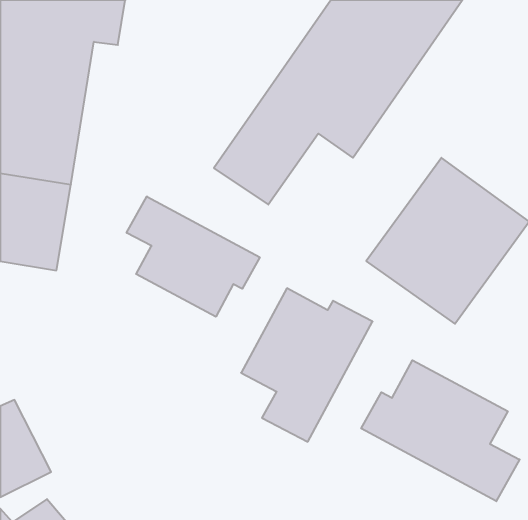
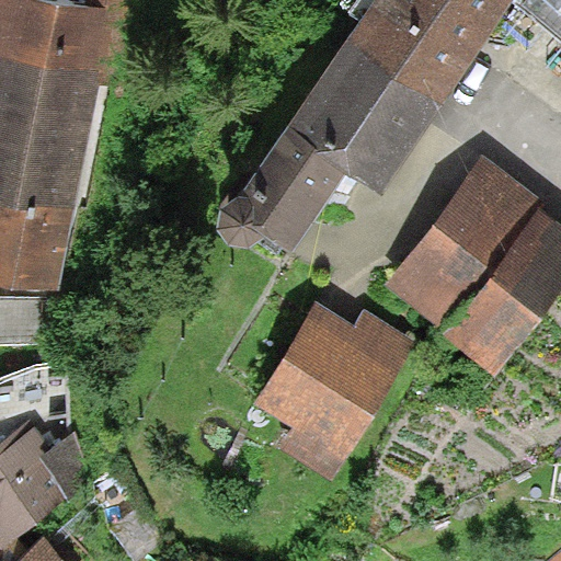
building: [127,196,260,317] -> none
building: [361,360,520,501] -> none

